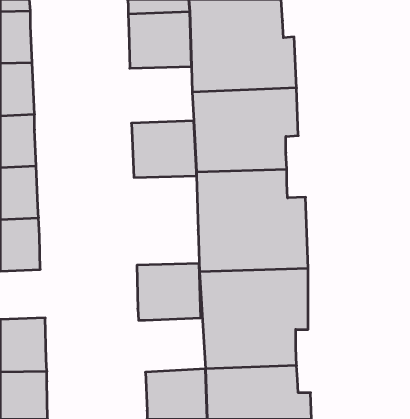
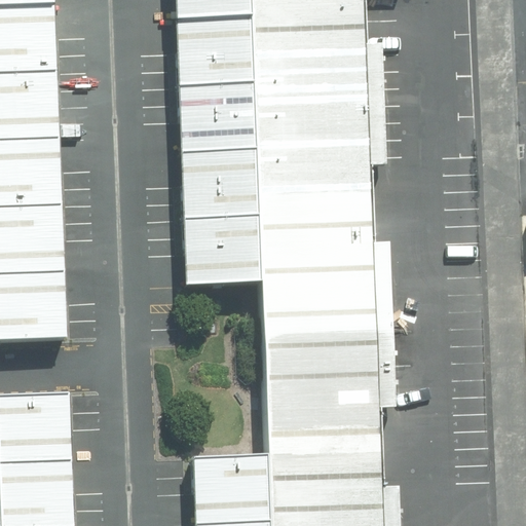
building: none -> [175,83,255,154]
building: [137,264,201,320] -> [180,220,260,291]

